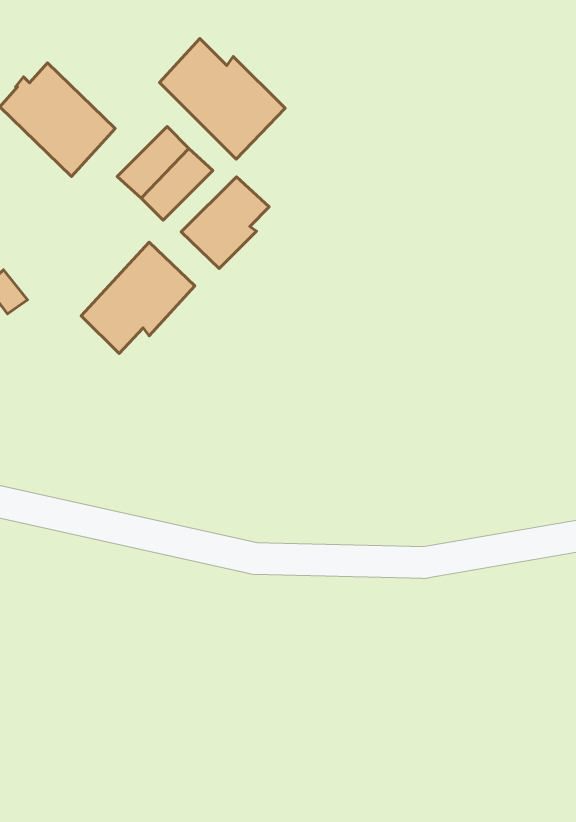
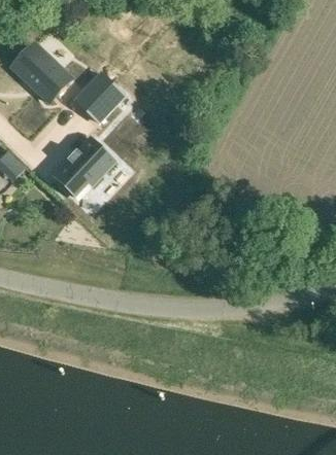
building: [160,39,285,159] -> none
building: [181,177,269,268] -> none

